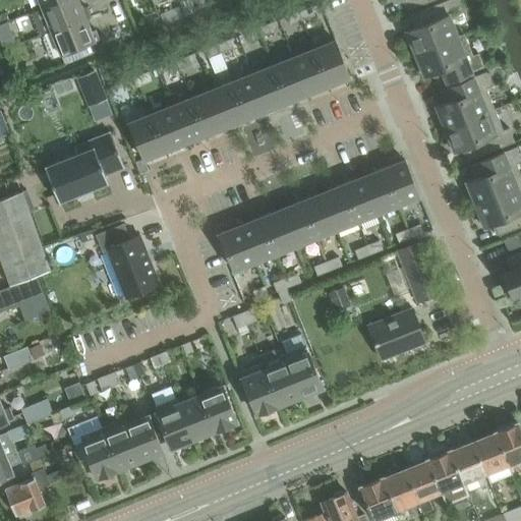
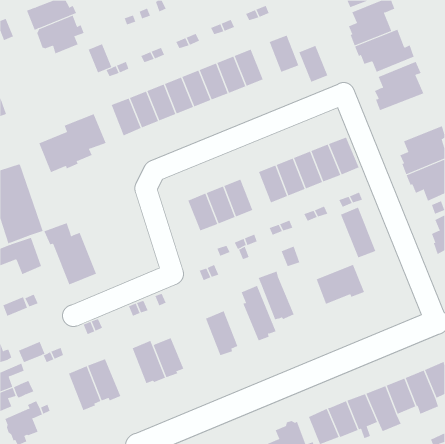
building: [293,51,328,95] -> [299,45,328,83]
building: [77,72,106,107] -> [88,43,112,73]
building: [443,111,514,162] -> none
building: [281,202,315,247] -> none
building: [97,226,159,299] -> [44,222,97,285]
building: [258,349,301,406] -> [258,271,295,320]
building: [199,387,237,432] -> none
building: [123,417,163,464] -> none

